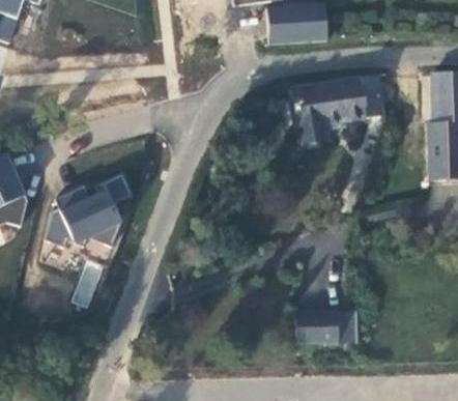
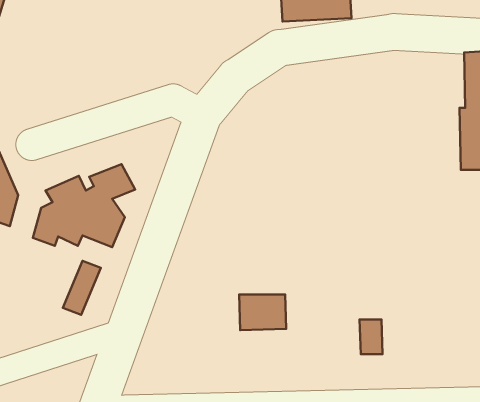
building: [291,75,383,143] -> none
building: [295,312,338,344] -> [239,294,286,330]

